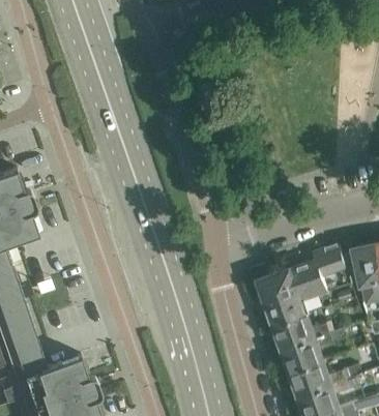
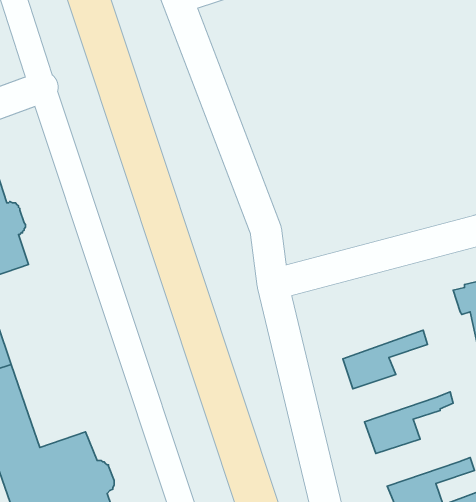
building: [257,244,345,303] -> none
building: [272,314,332,349] -> none
building: [289,361,349,395] -> none

